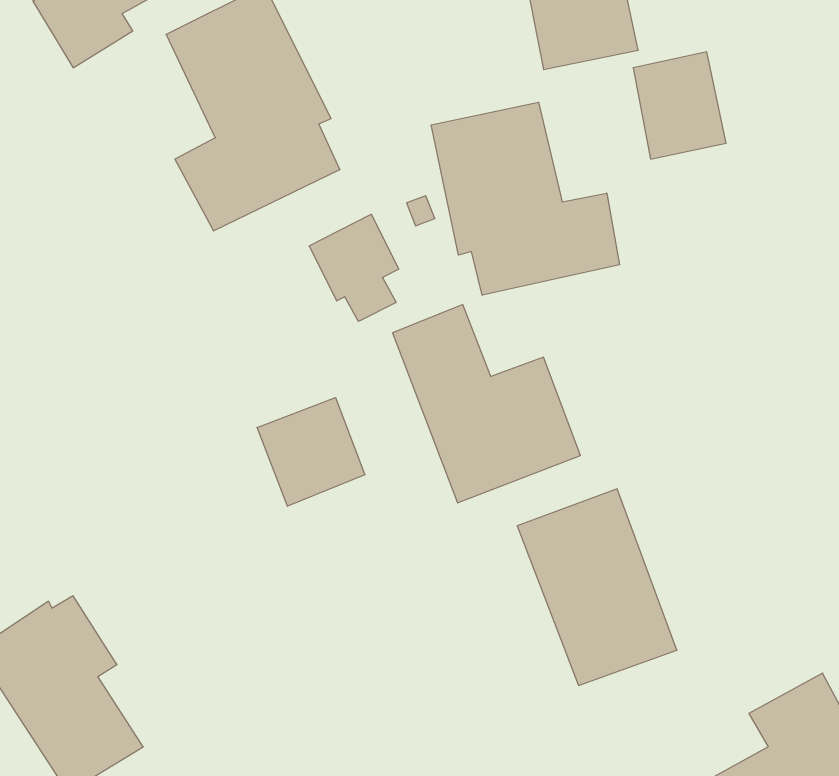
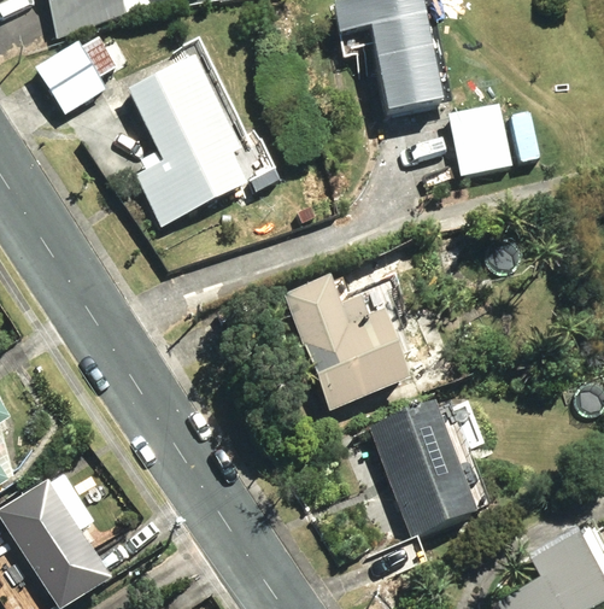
building: [431,102,620,295] -> none
building: [309,214,399,321] -> none
building: [257,398,365,506] -> none

